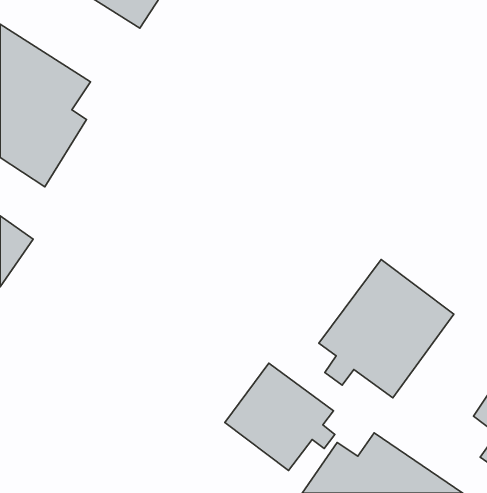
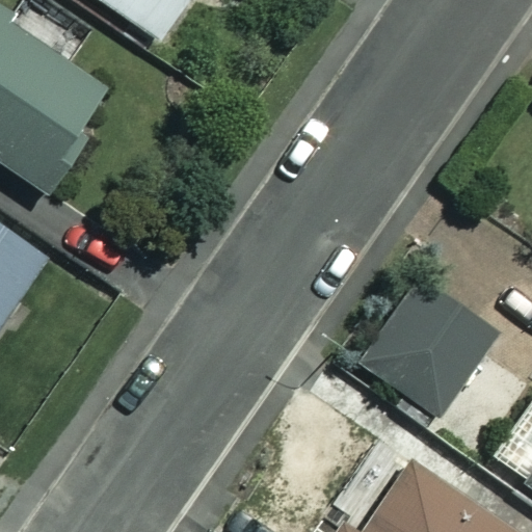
building: [225,363,335,471] -> none

